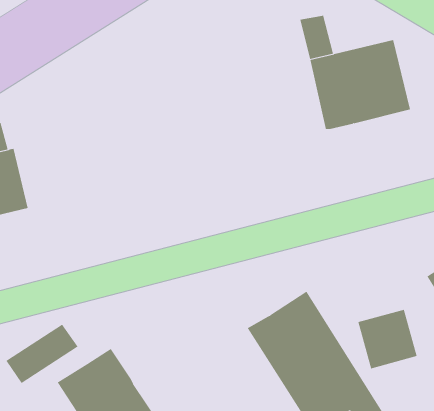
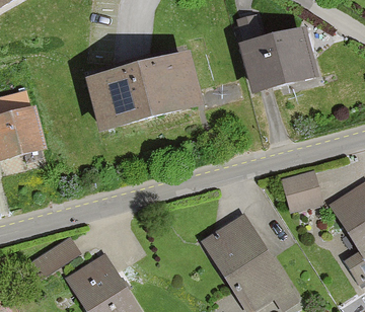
building: none -> [87,58,201,137]
building: [358,309,417,369] -> [281,169,323,212]

